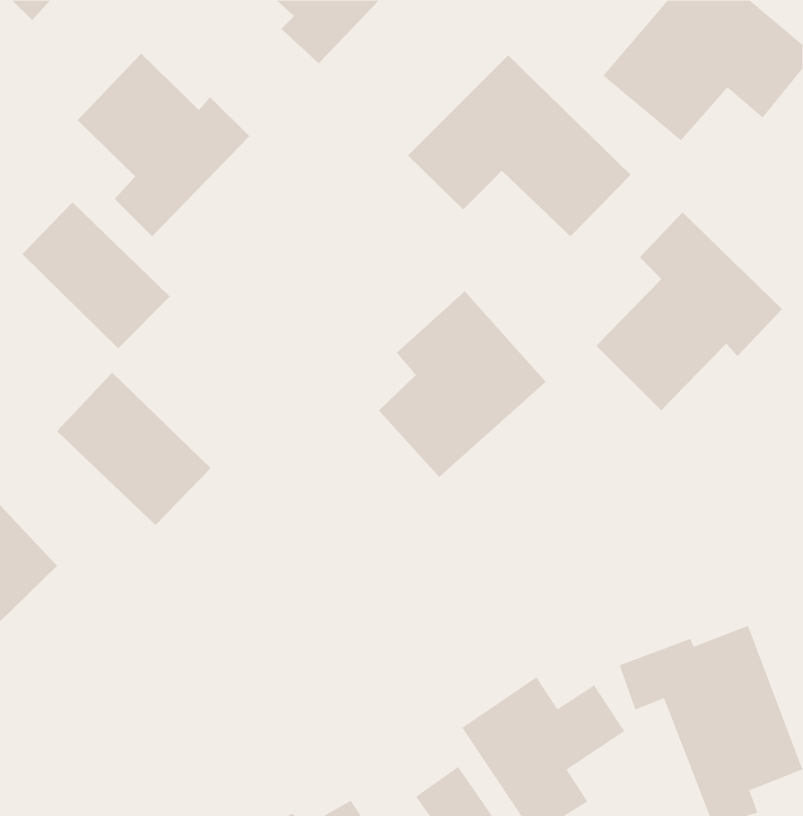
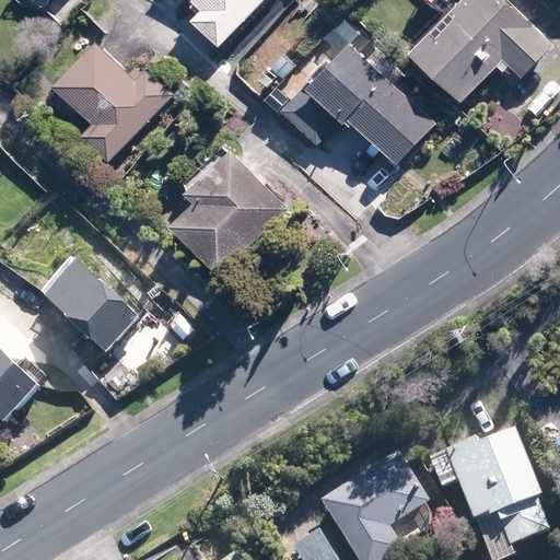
building: [22,201,171,349] -> none
building: [596,212,783,411] -> none
building: [378,290,546,478] -> [173,144,288,272]

